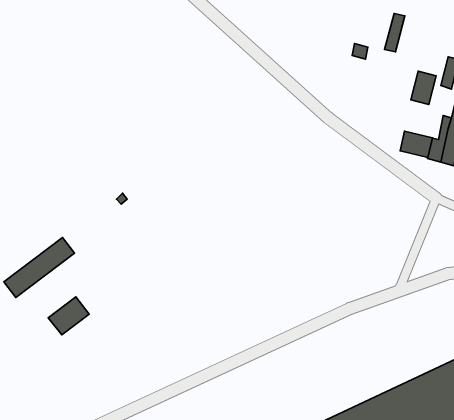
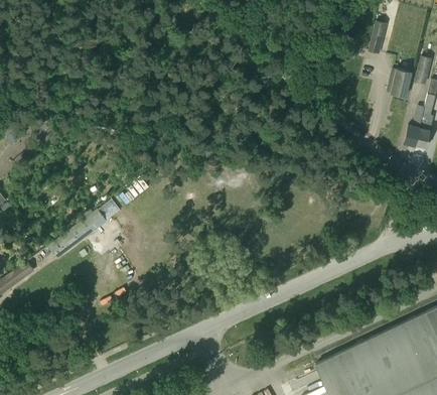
building: [400,131,432,158] -> none
building: [48,297,89,335] -> none

